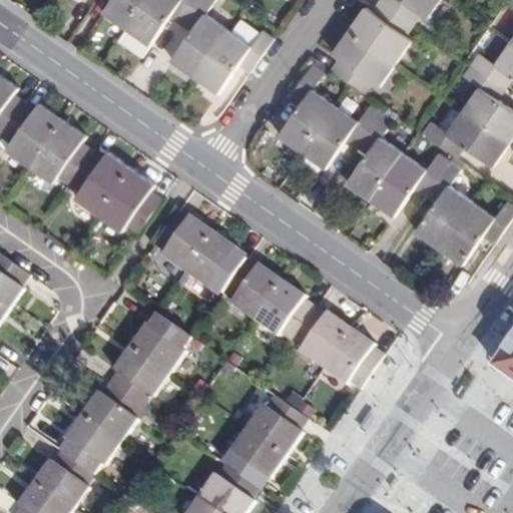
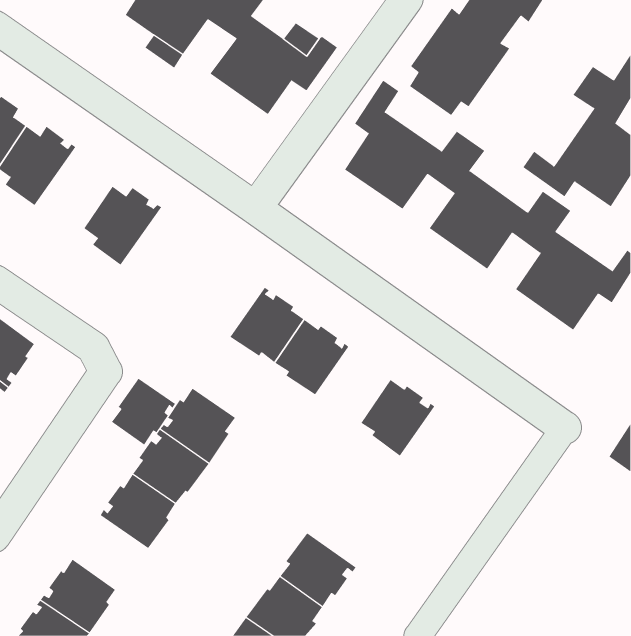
building: [28,118,90,183] -> none
building: [97,166,159,231] -> none
building: [151,208,212,271] -> none
building: [253,279,314,340] -> none
building: none -> [111,378,176,445]
building: [322,327,384,388] -> none
building: [246,395,308,456] -> none
building: [58,414,119,474] -> none

